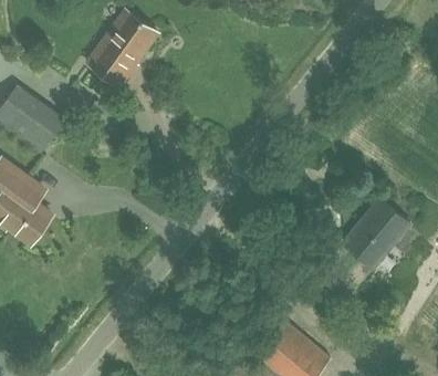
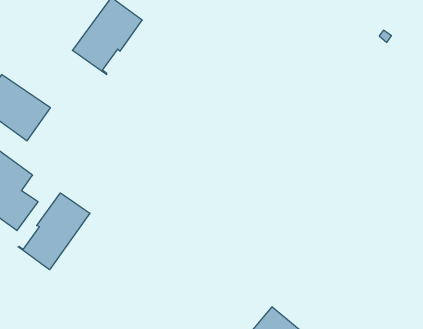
building: [344,198,410,268] -> none
building: none -> [18,193,90,270]

